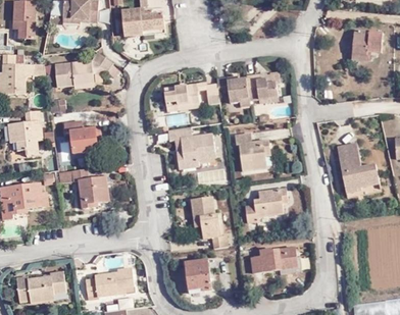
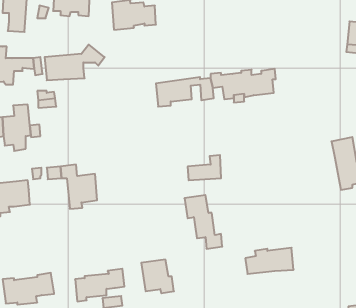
building: [65,119,101,153] -> none
building: [169,127,216,169] -> none
building: [237,136,271,172] -> none
building: [246,190,288,223] -> none
building: [186,261,217,294] -> [141,260,174,293]

